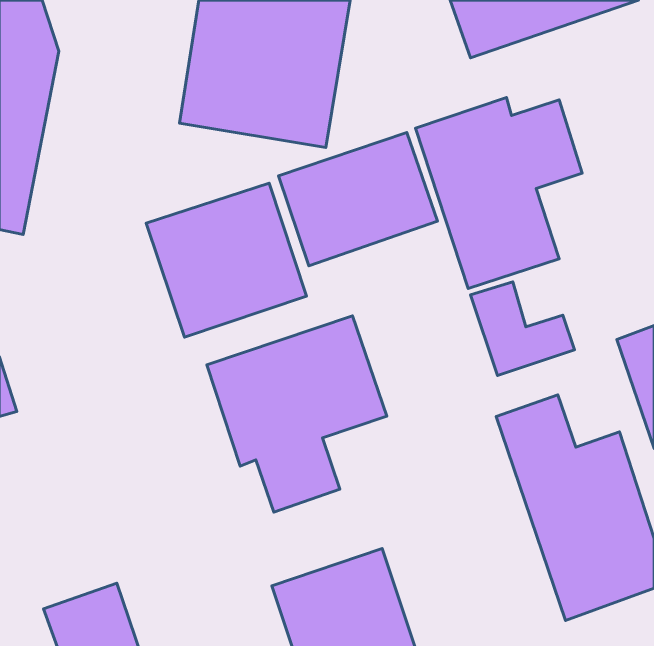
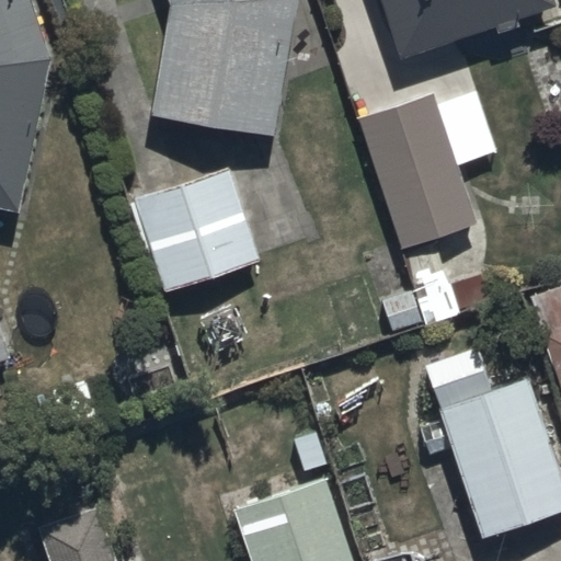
building: [278,133,438,266] -> none
building: [207,316,387,512] -> none

